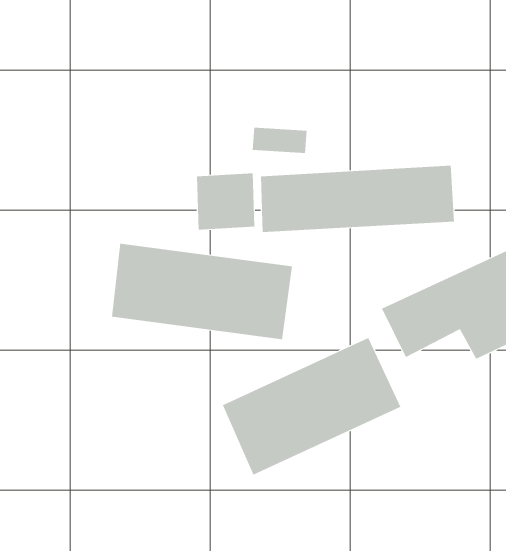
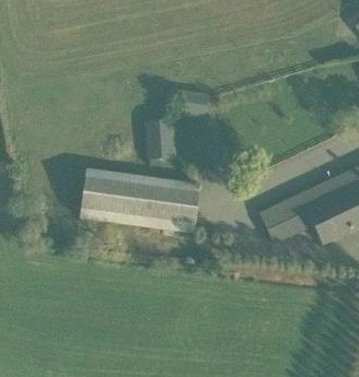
building: [261,165,455,233] -> none
building: [222,337,401,475] -> none

